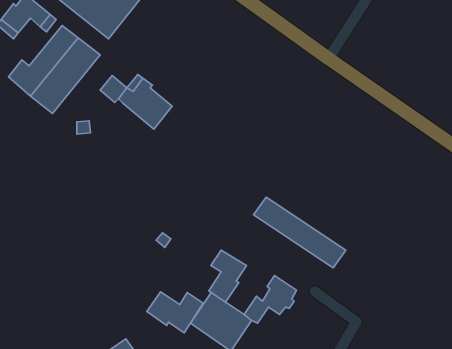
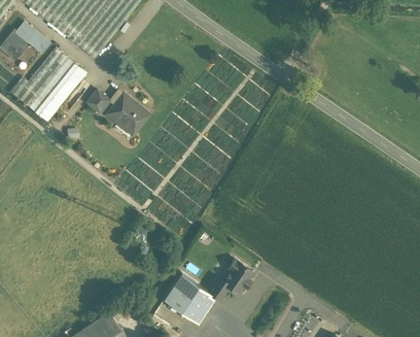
building: [254,197,346,268] -> none
building: [209,250,246,302] -> none
building: [147,292,203,333] -> none

